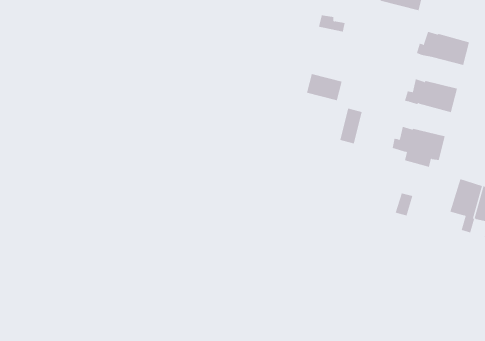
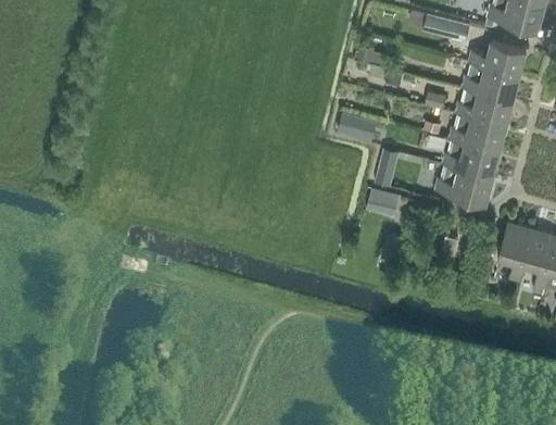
building: none -> [468,39,527,75]
building: none -> [455,89,513,125]
building: none -> [442,139,500,176]
building: none -> [366,192,404,217]

